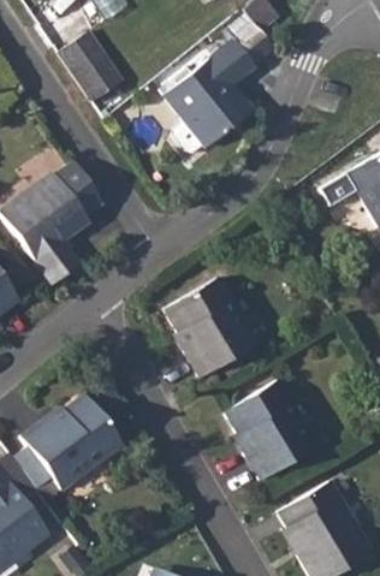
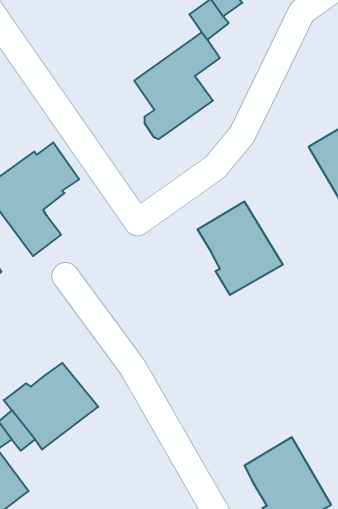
building: [57,30,118,99] -> none
building: [165,278,256,378] -> [197,202,283,295]
building: [225,379,316,480] -> none

